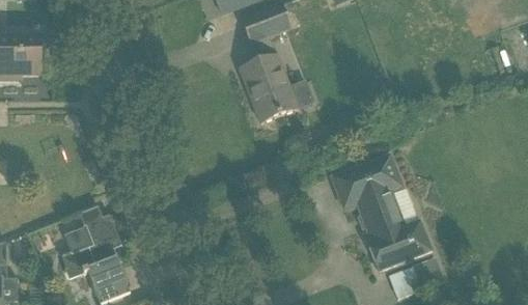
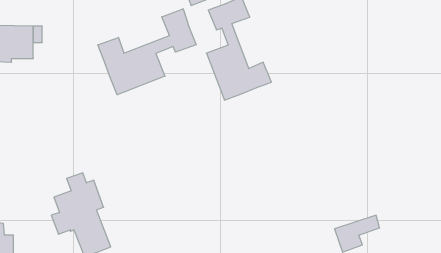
building: none -> [98,9,196,95]
building: [332,155,432,272] -> none

